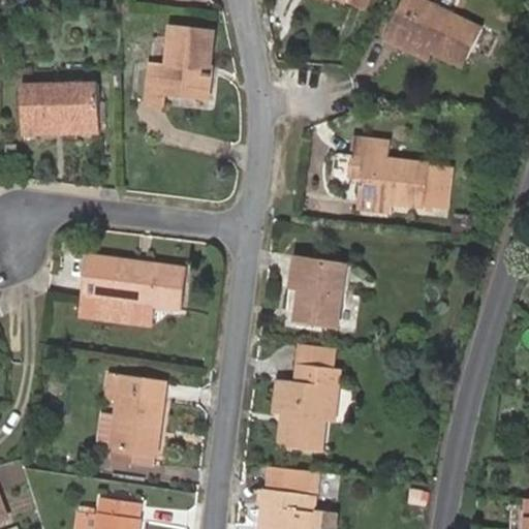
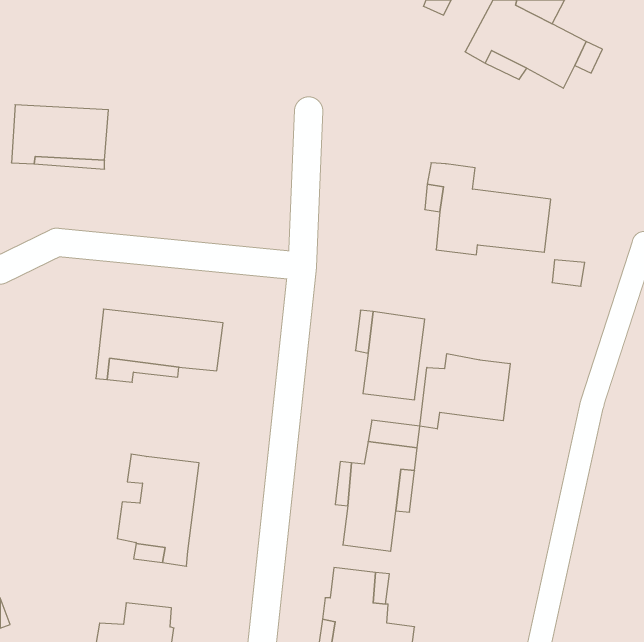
building: [138,21,204,98] -> none
building: none -> [420,354,510,429]

